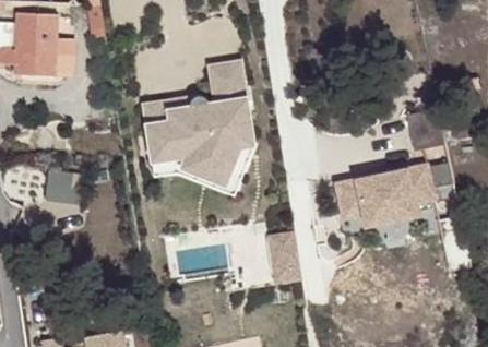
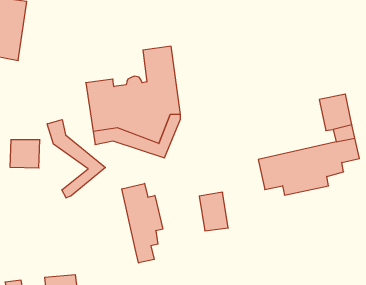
building: none -> [47,120,105,198]
building: none -> [122,183,163,263]

